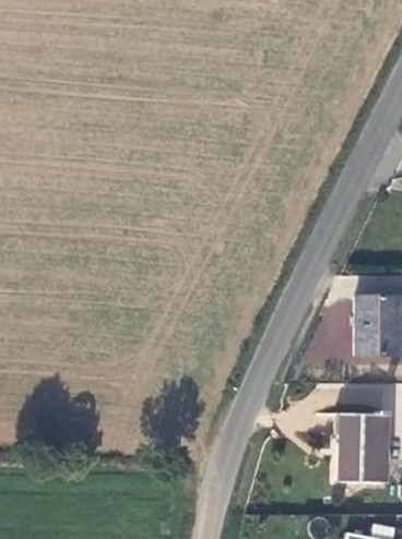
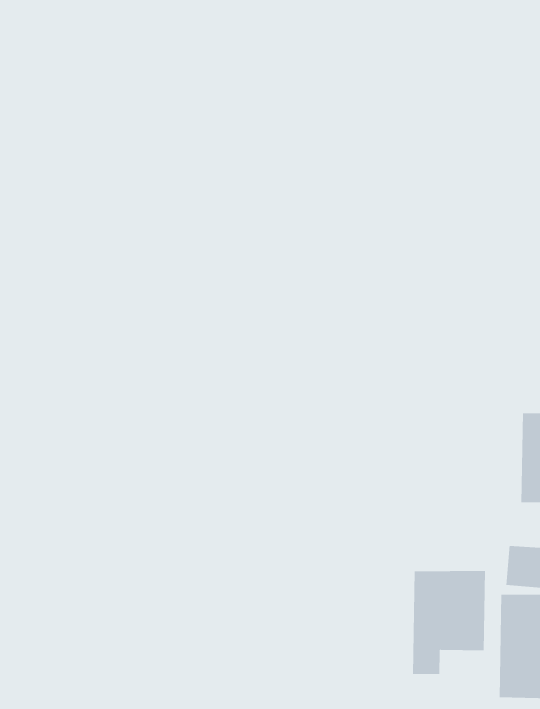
building: none -> [412,570,486,675]

